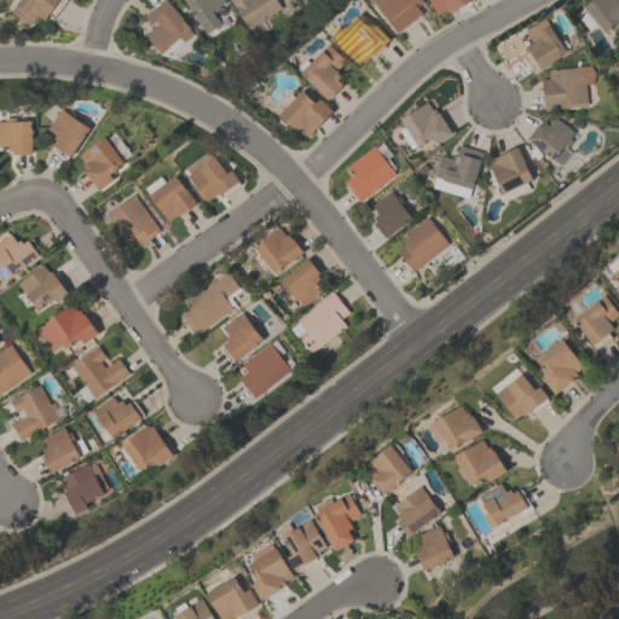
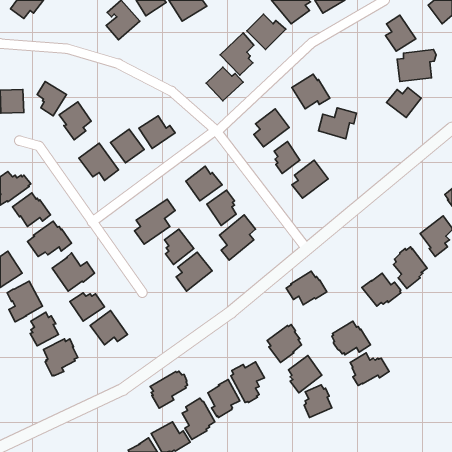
building: [490,149,532,192] -> none
building: [427,404,482,450] -> [286,271,327,305]
building: none -> [150,371,187,408]

